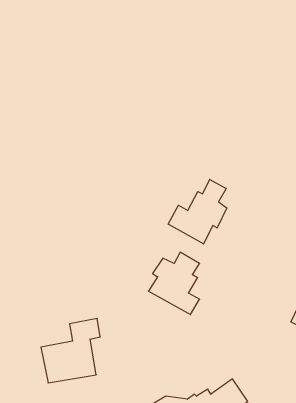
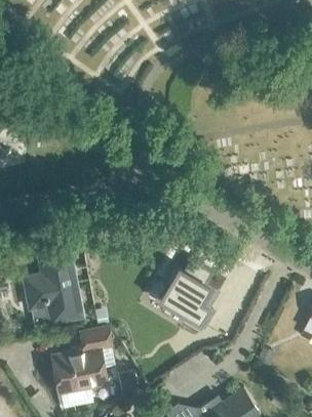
building: [168,179,227,244] -> none
building: none -> [23,251,82,326]

